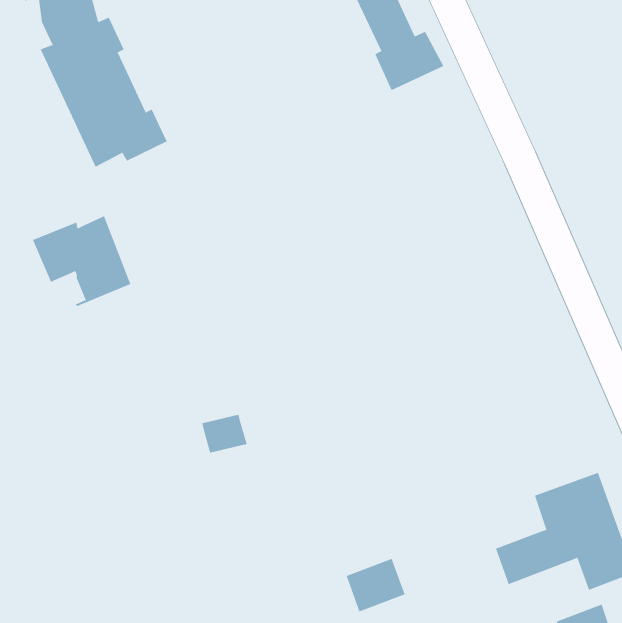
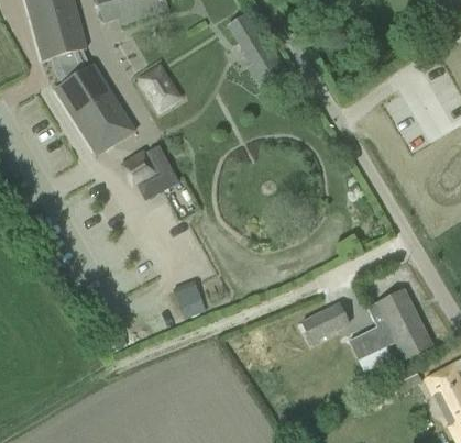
building: none -> [141,68,178,108]
building: [32,216,131,307] -> [120,145,179,199]
building: [346,558,405,612] -> [301,311,337,344]

